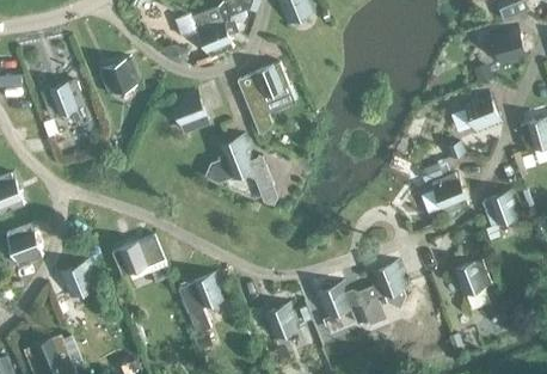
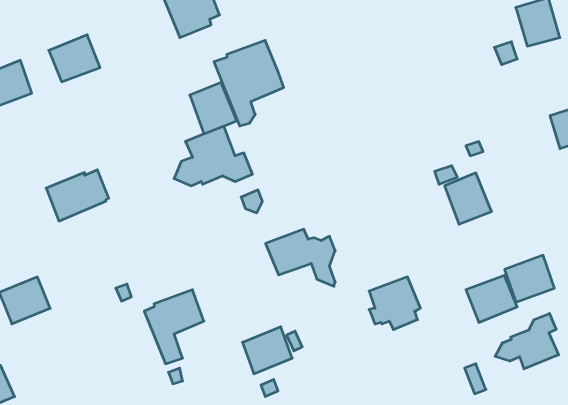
building: [170,88,209,131] -> [190,82,237,134]
building: [461,91,500,134] -> none
building: [481,188,523,227] -> [505,255,554,302]
building: [111,234,164,277] -> [46,170,109,221]
building: [313,281,371,329] -> [266,229,335,286]
building: none -> [495,313,559,369]

